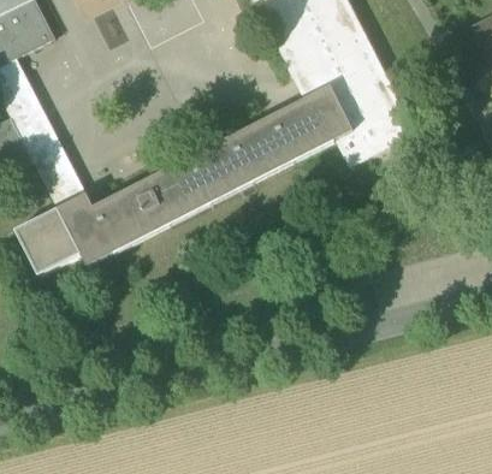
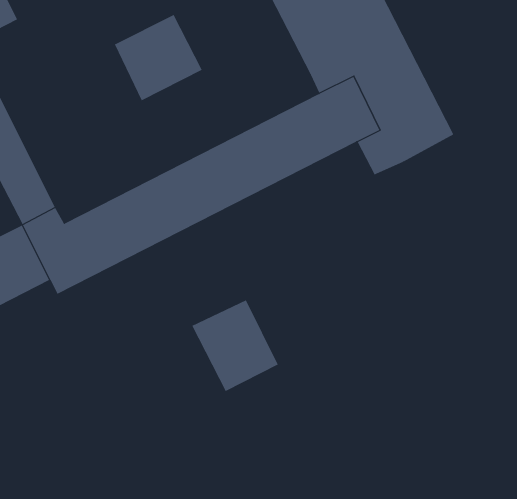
building: none -> [114,14,202,101]
building: none -> [192,299,279,392]

